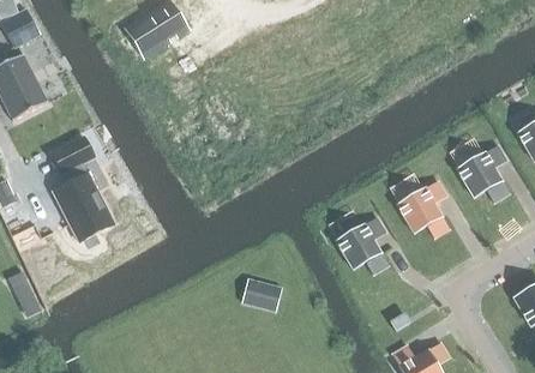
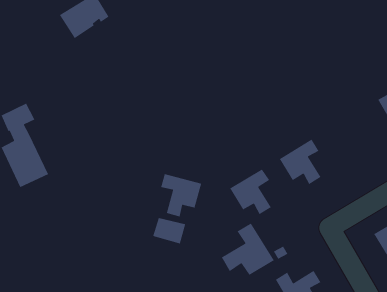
building: [456,144,507,201] -> none
building: none -> [160,173,202,217]
building: none -> [221,223,275,276]

